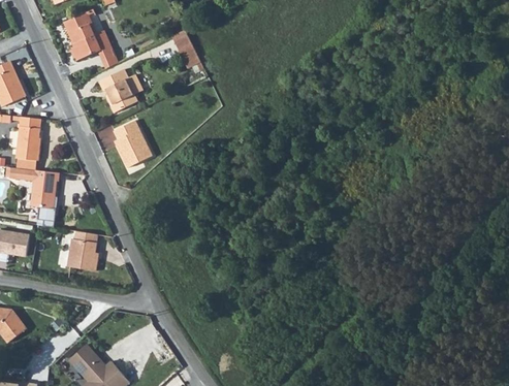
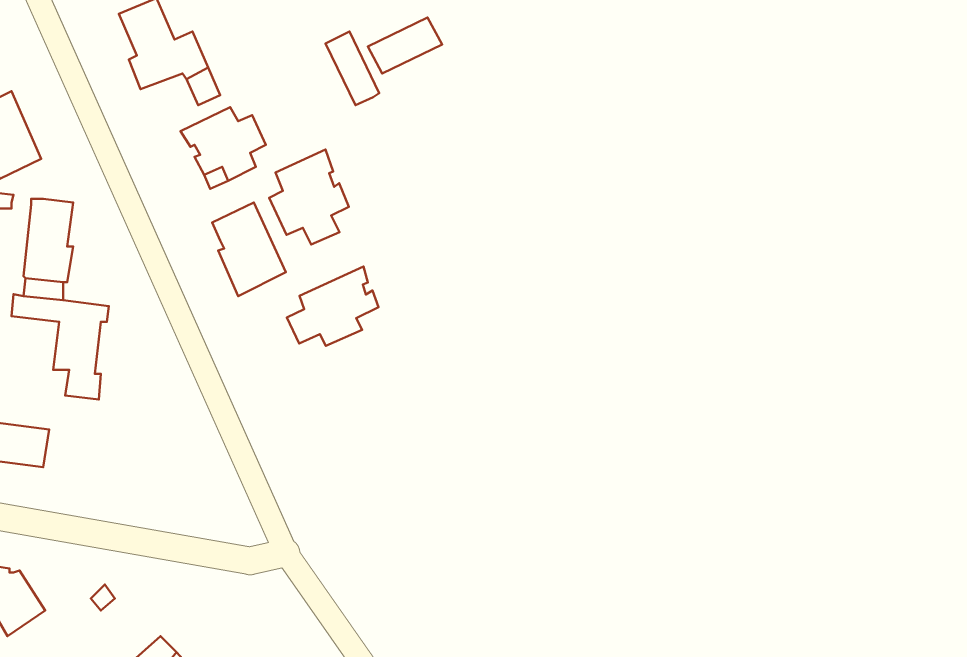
building: none -> [368,17,442,74]
building: none -> [269,150,349,245]
building: none -> [287,266,379,346]
building: [68,231,98,270] -> none

